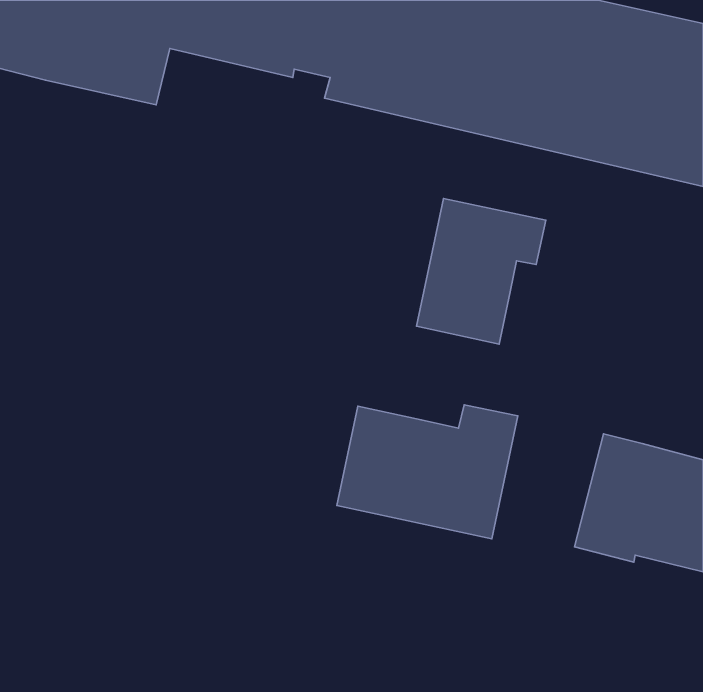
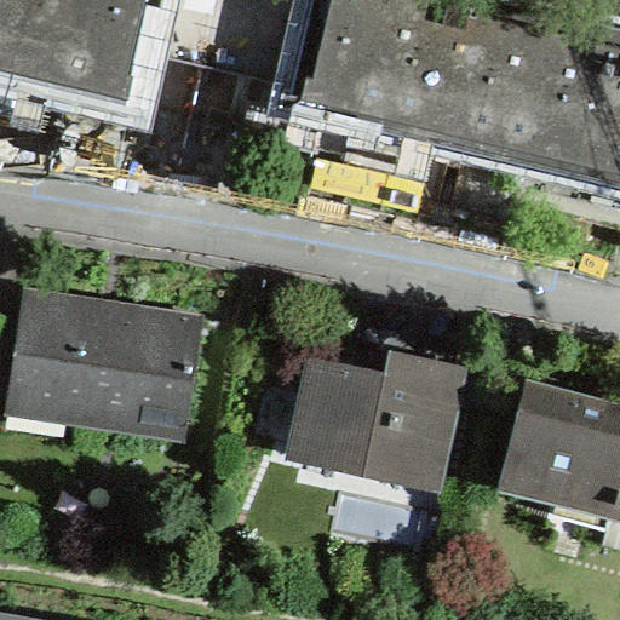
building: [416,198,546,344] -> none
building: none -> [6,302,200,443]

